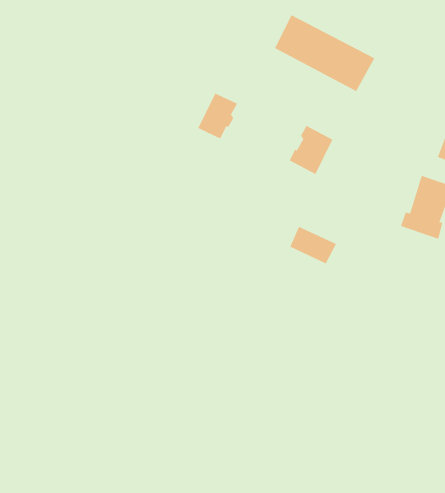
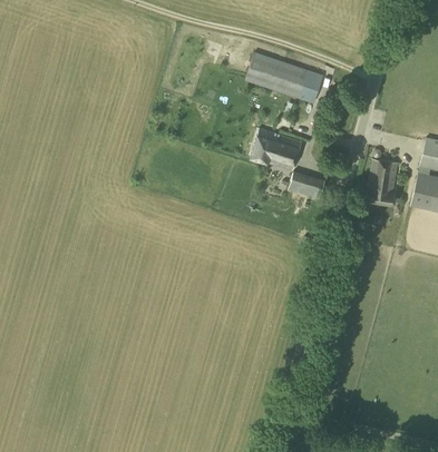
building: [197,93,238,139] -> [252,128,280,163]
building: [289,226,337,264] -> [289,173,324,198]

